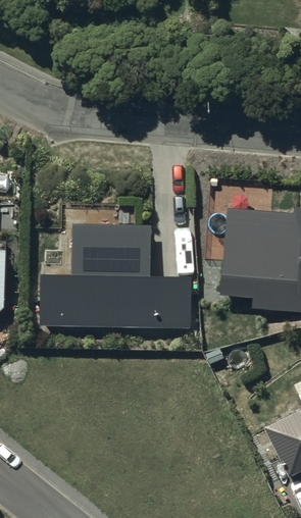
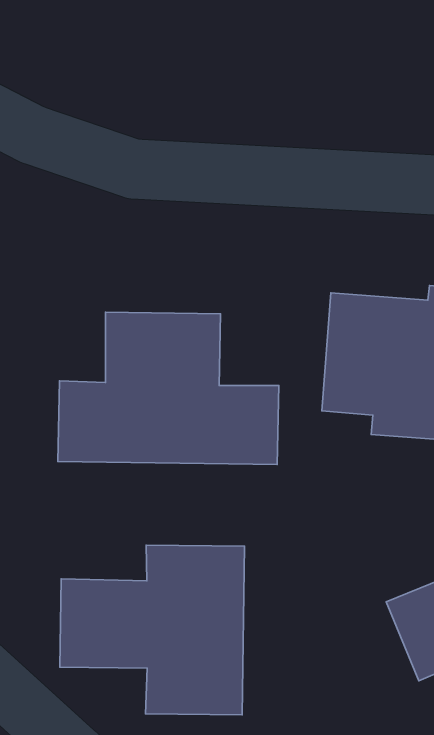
building: none -> [60,545,244,715]

